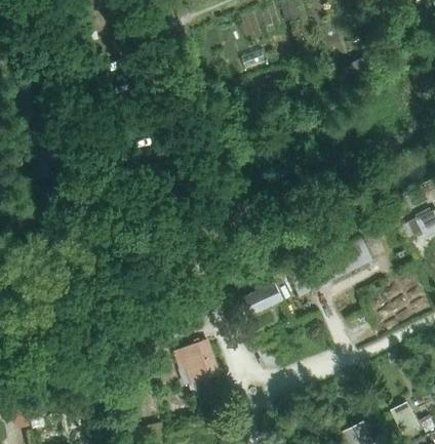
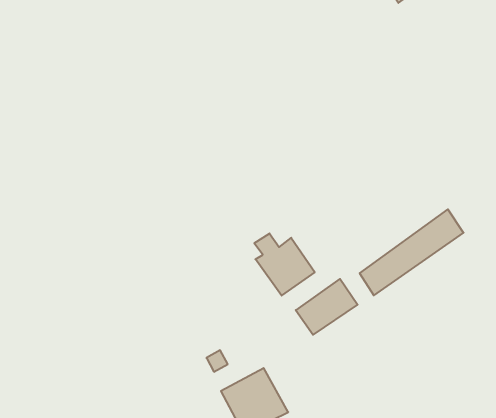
building: none -> [254,233,315,296]

